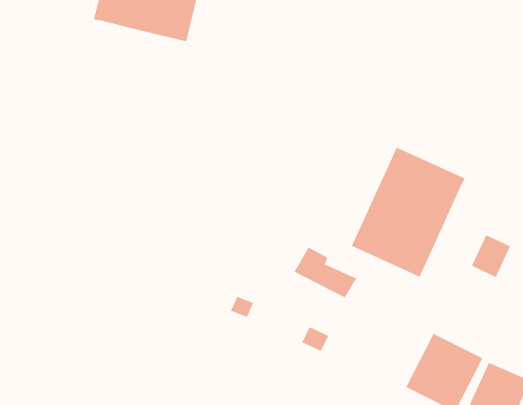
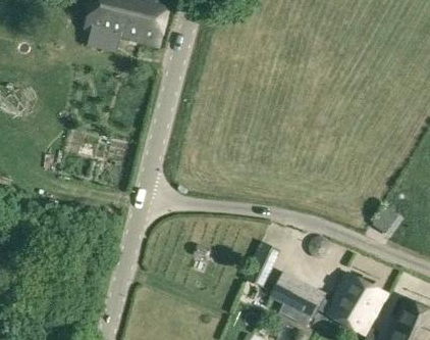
building: [351,147,465,277] -> none
building: [294,247,357,298] -> [273,276,322,315]

